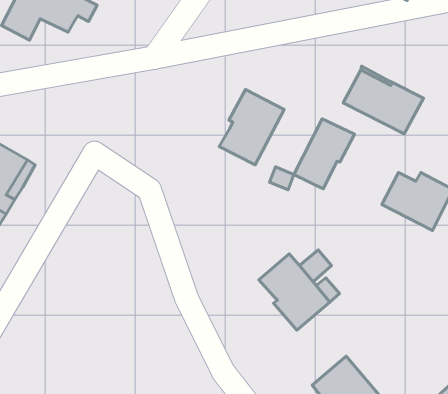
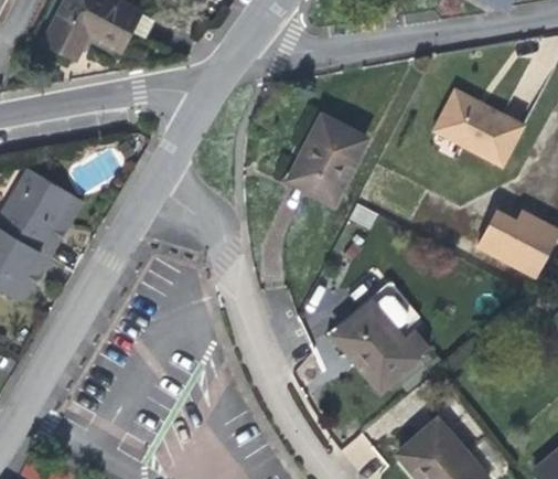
building: [294,119,354,189] -> none

